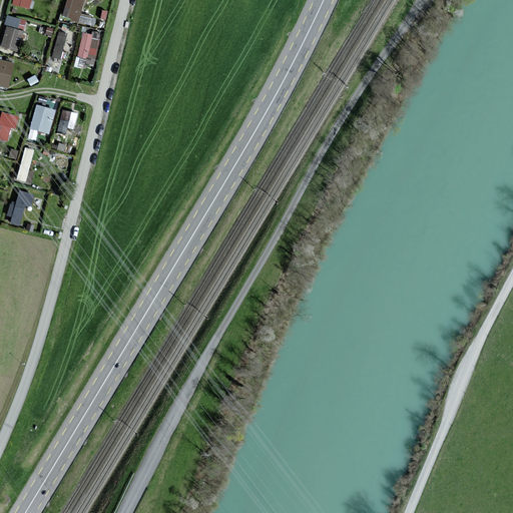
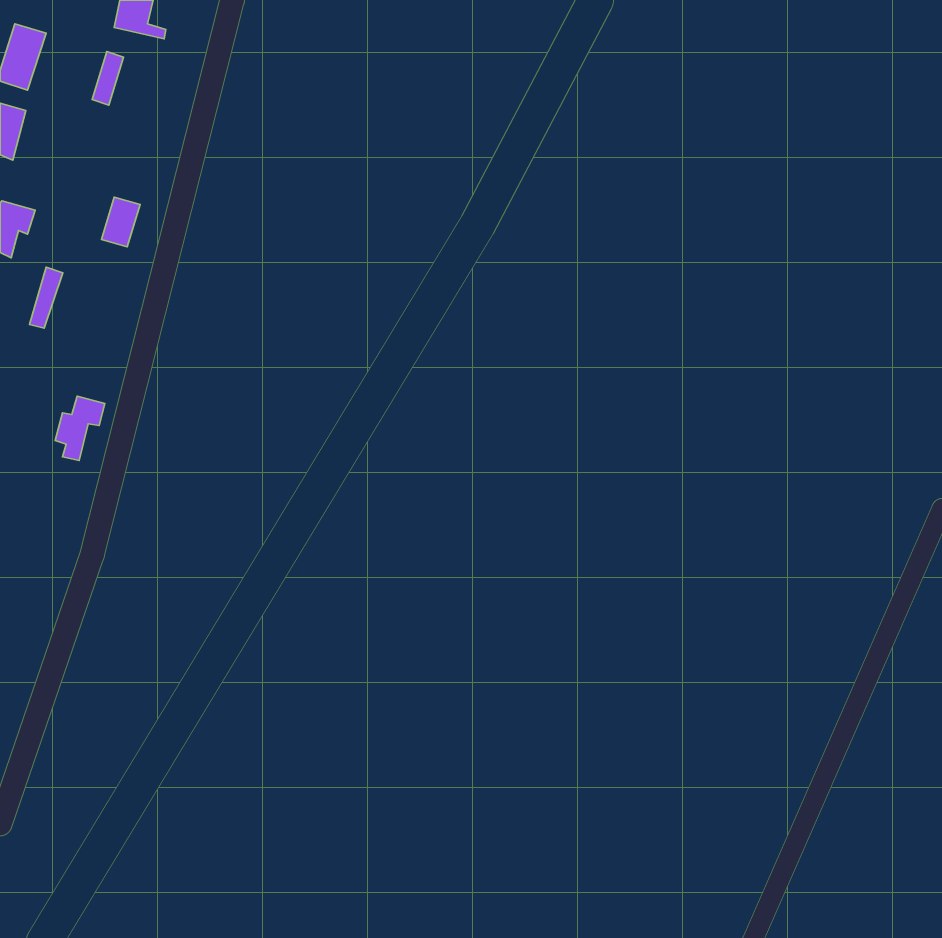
building: [76,32,99,59] -> none
building: [27,103,55,139] -> none
building: [6,190,33,225] -> [55,396,105,461]

